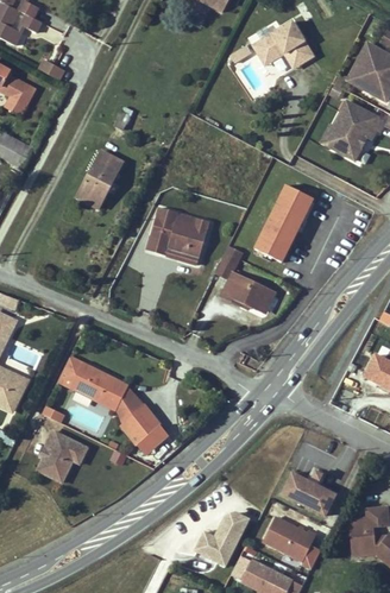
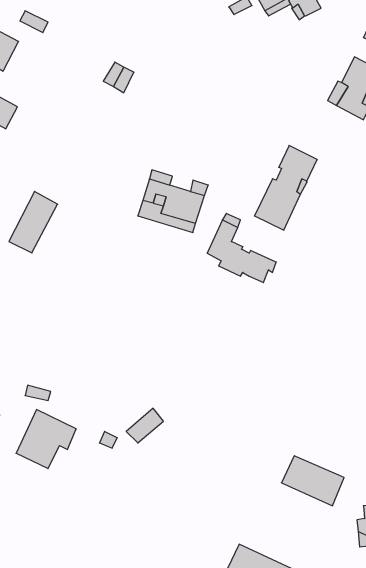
building: [77,150,122,207] -> [9,191,58,253]
building: [58,355,128,409] -> none
building: [113,400,161,448] -> none
building: [194,507,250,566] -> none
building: [262,513,321,567] -> none

